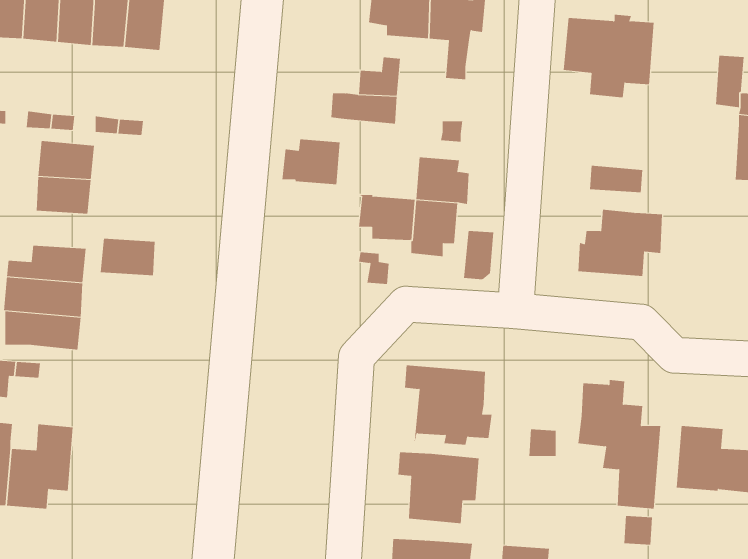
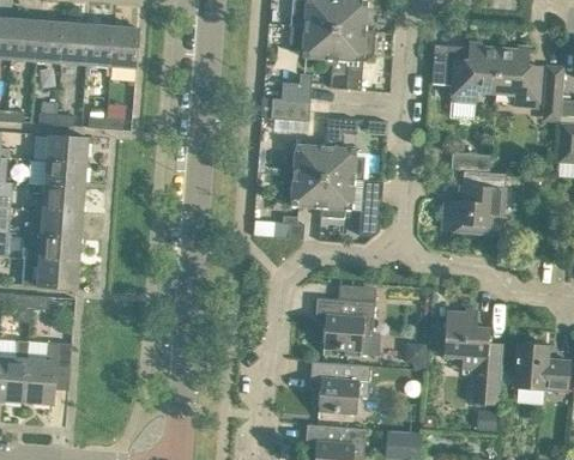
building: none -> [495,46,542,107]
building: [282,139,341,185] -> [283,143,326,176]
building: [100,238,155,276] -> [43,184,84,212]

